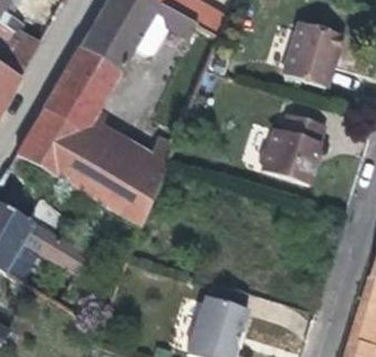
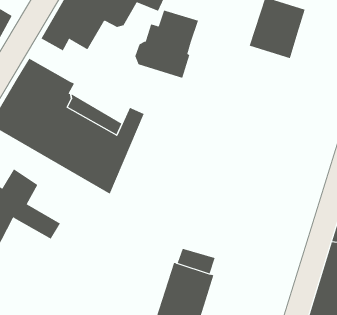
building: [56,65,117,109] -> none
building: [259,113,325,183] -> [135,10,199,79]

